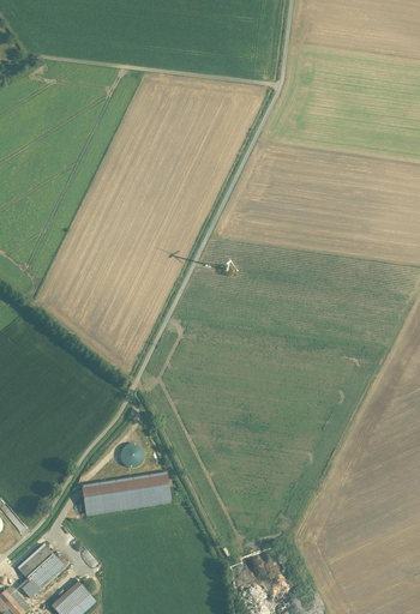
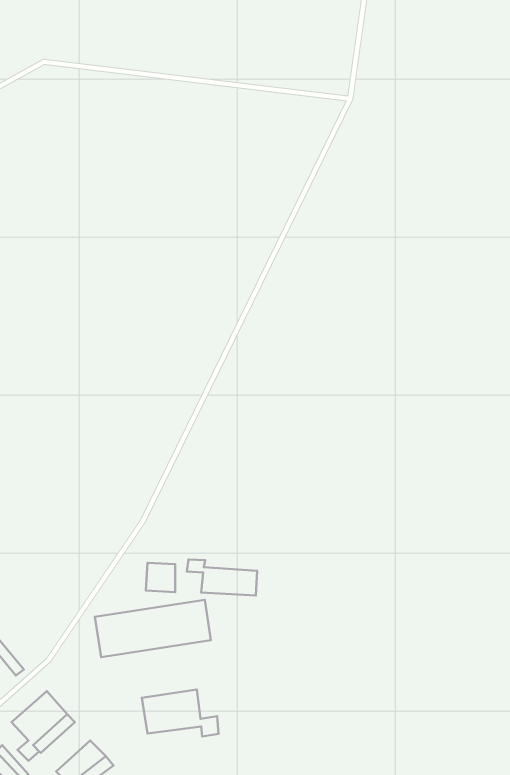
building: none -> [187,559,257,595]
building: none -> [142,689,219,737]

